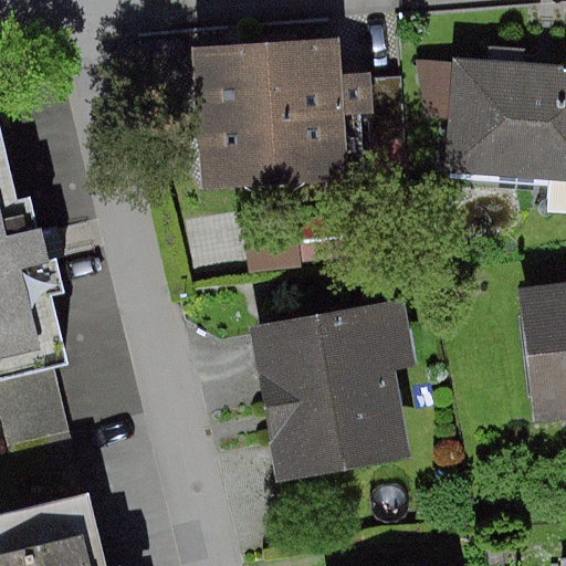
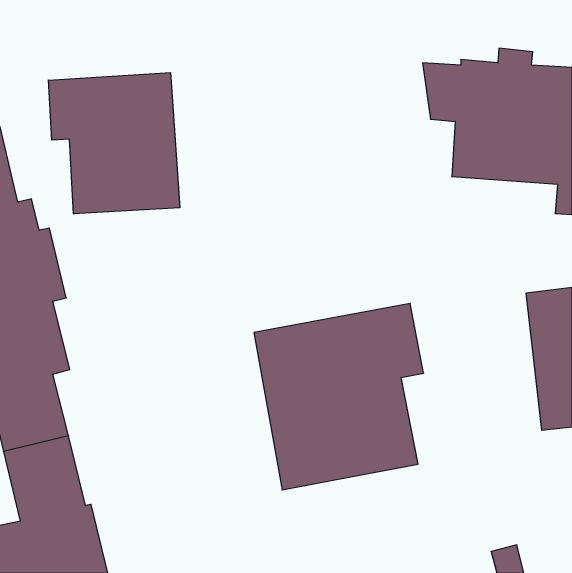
building: [193,39,403,191] -> none
building: none -> [48,73,180,214]

